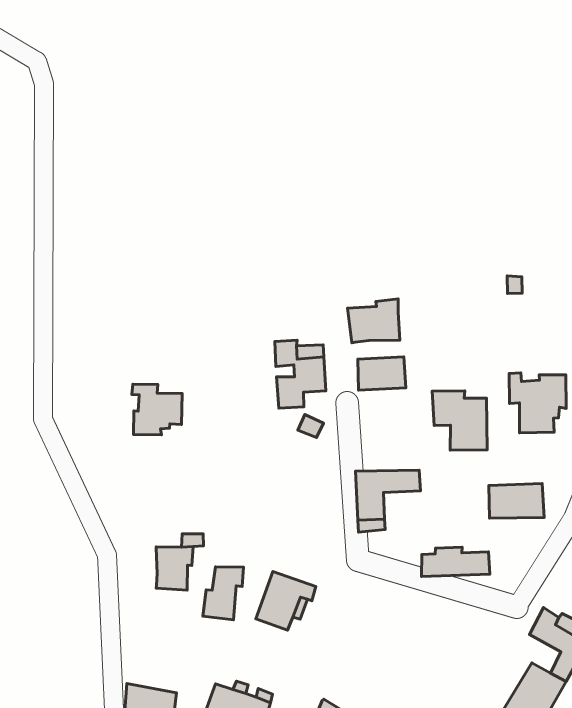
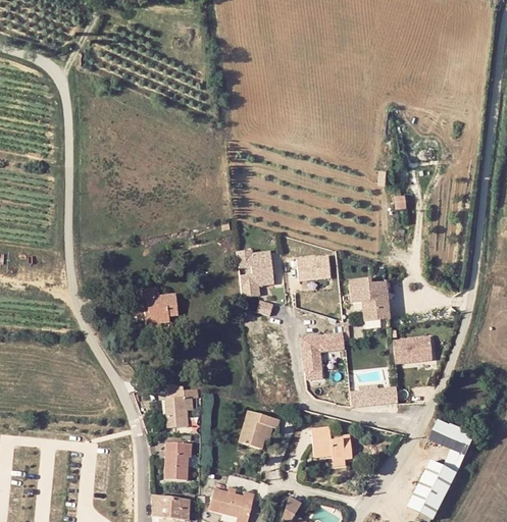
building: [347,299,400,343] -> none
building: [509,373,566,433] -> none
building: [203,567,243,620] -> [165,443,191,480]
building: none -> [313,428,353,461]

